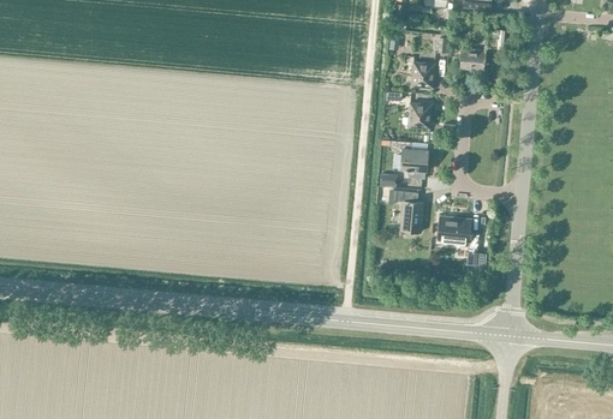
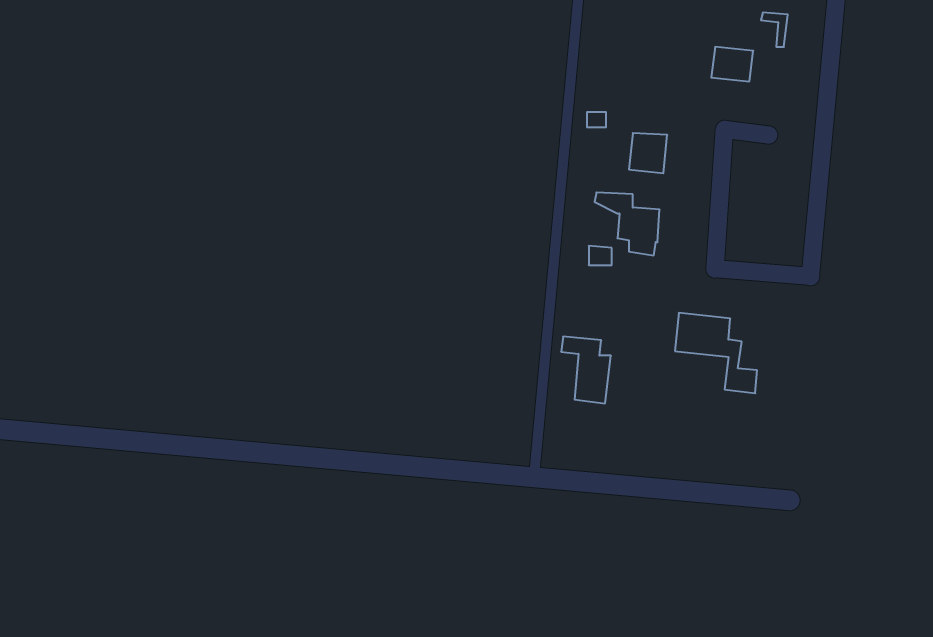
building: [411,59,435,85] -> none
building: [392,188,423,231] -> [561,337,611,403]

